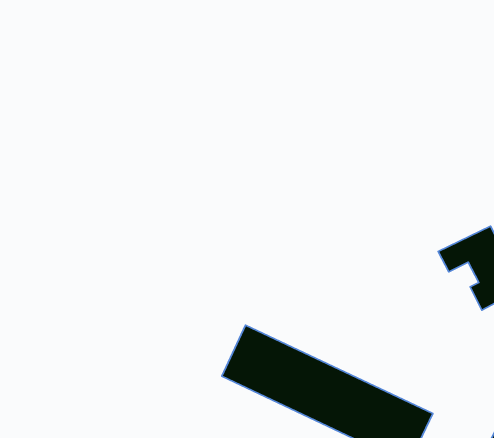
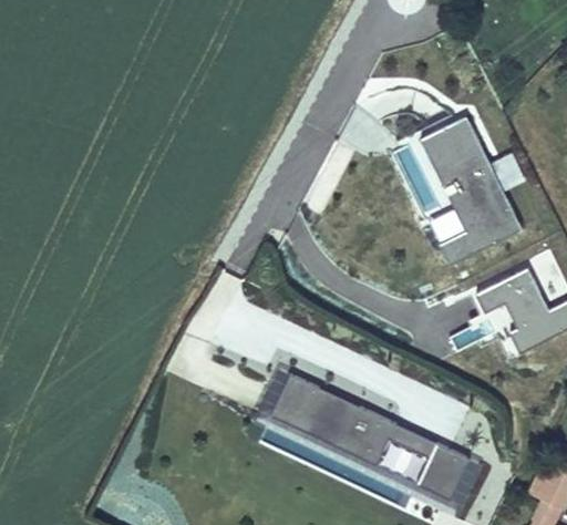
building: none -> [424,116,524,262]

